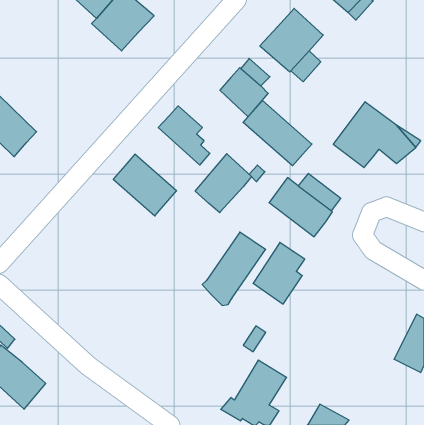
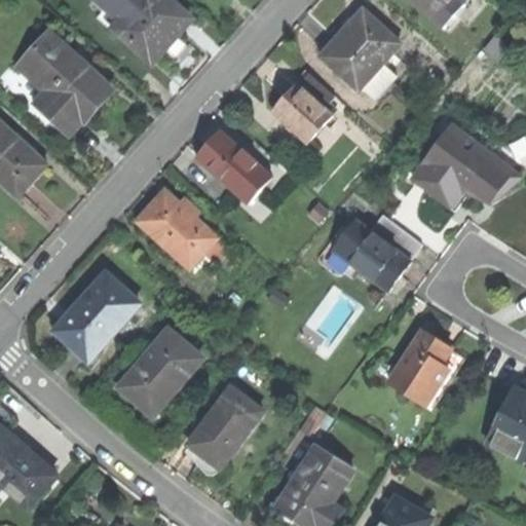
building: none -> [18,30,112,130]
building: [243,101,312,166] -> none
building: [195,154,251,213] -> none
building: none -> [60,272,140,354]
building: [202,232,266,305] -> [186,386,264,477]
building: [253,242,305,304] -> [387,330,451,406]
building: none -> [121,328,203,410]

